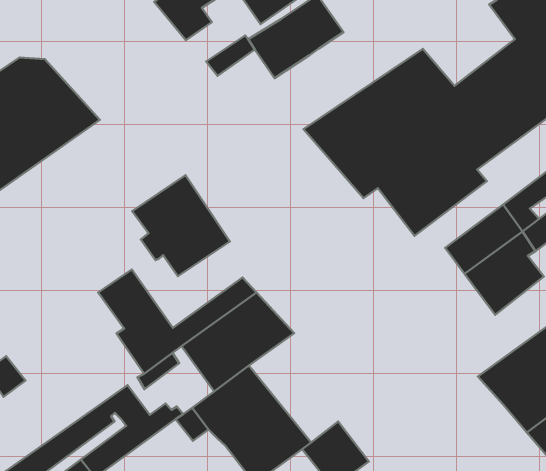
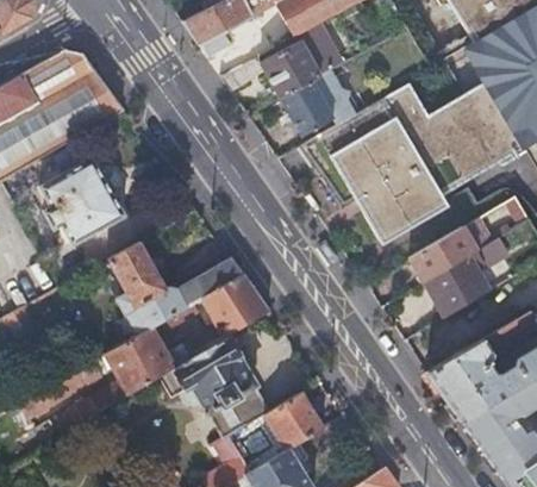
building: none -> [280,76,333,133]
building: [132,175,230,276] -> [42,158,123,244]

